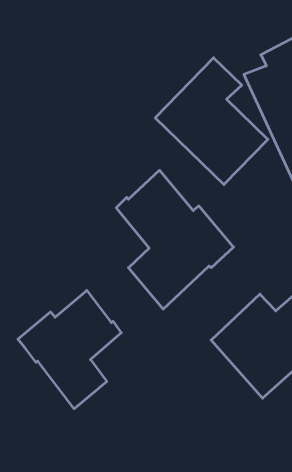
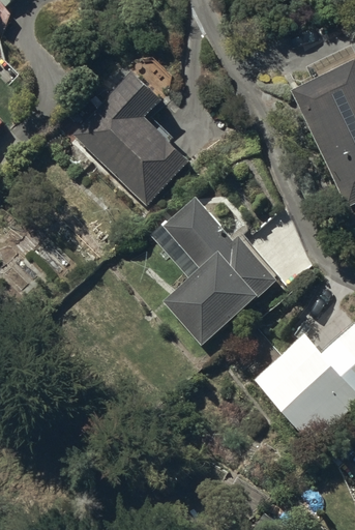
building: [155,58,268,185] -> [69,67,194,207]
building: [18,290,121,409] -> none

